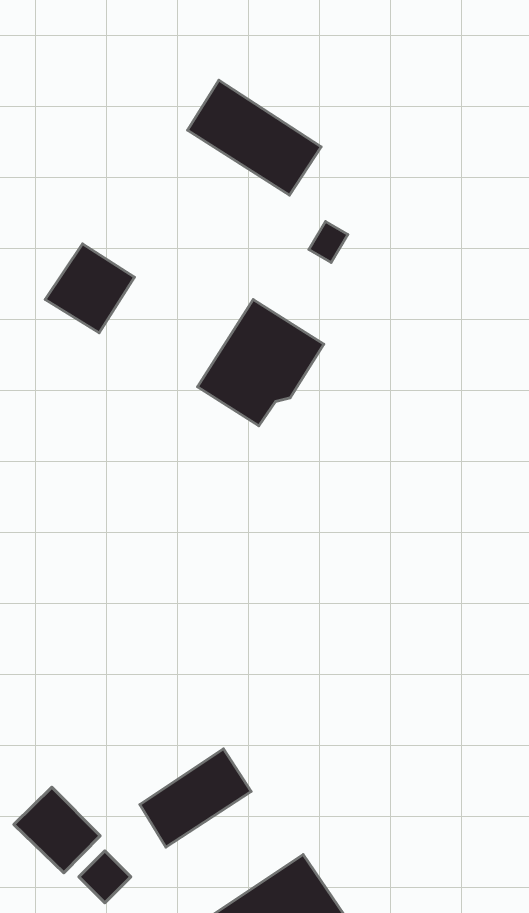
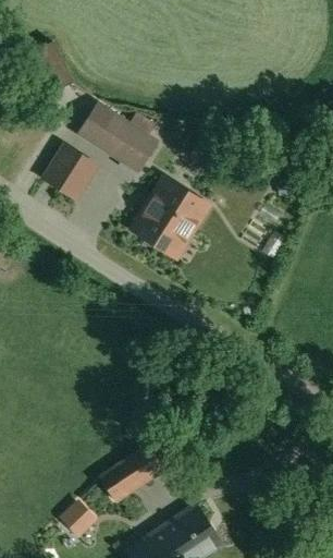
building: [187,80,321,195] -> [78,104,157,171]
building: [14,787,100,873] -> none

